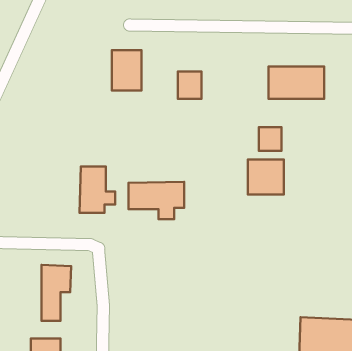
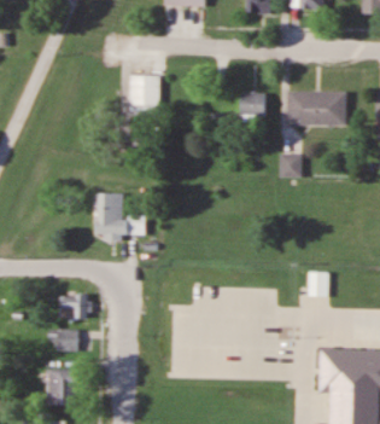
building: [178,72,201,99] -> [242,93,267,121]
building: [248,160,284,194] -> none
building: [128,182,184,219] -> none

